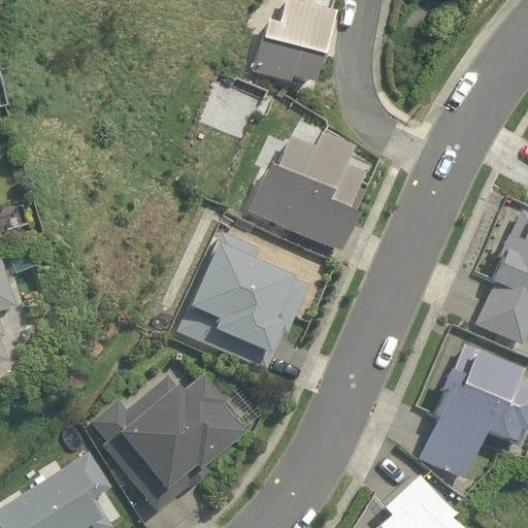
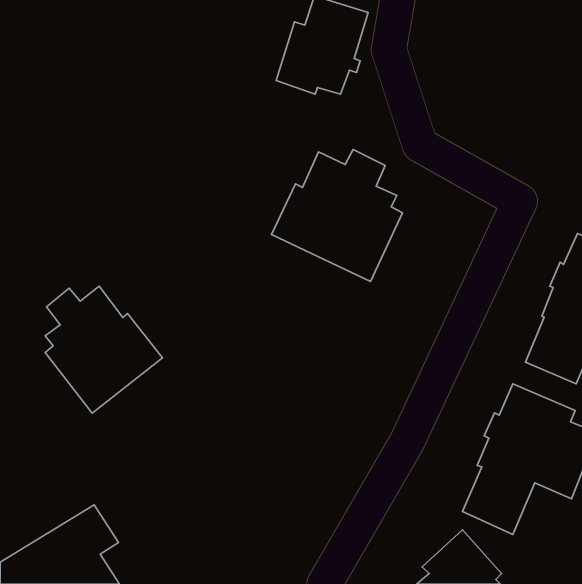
building: [177,232,308,371] -> none
building: none -> [45,286,162,413]
building: [91,375,241,512] -> none

